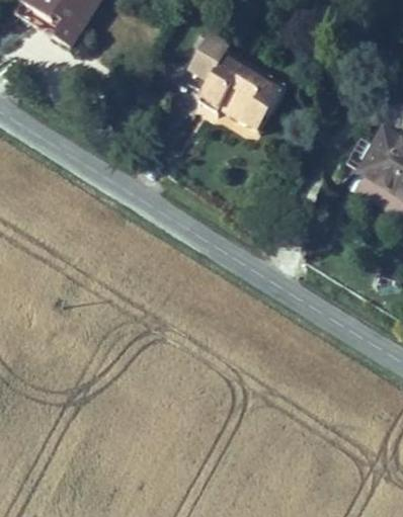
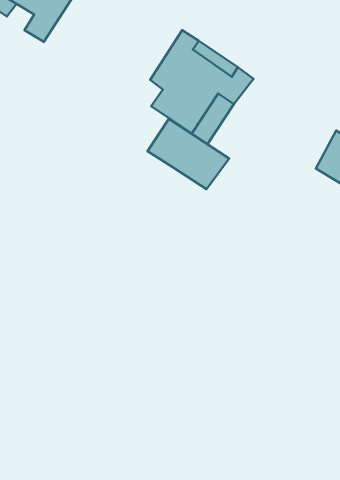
building: none -> [147,119,229,189]

